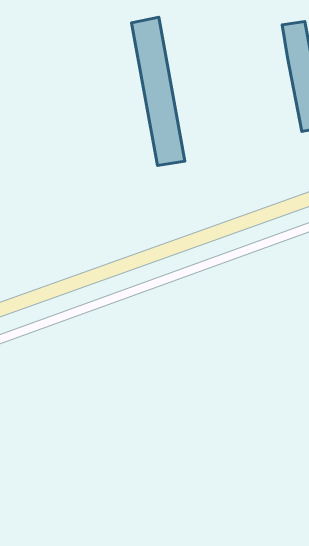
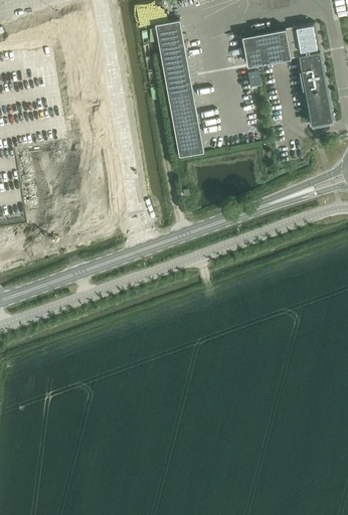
building: none -> [243,28,299,66]

